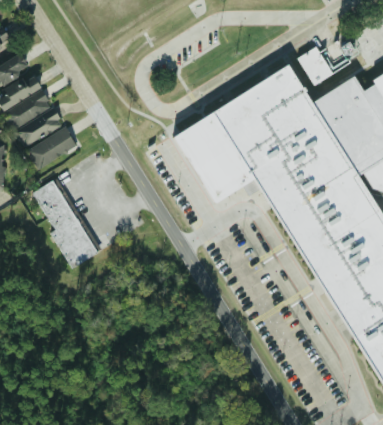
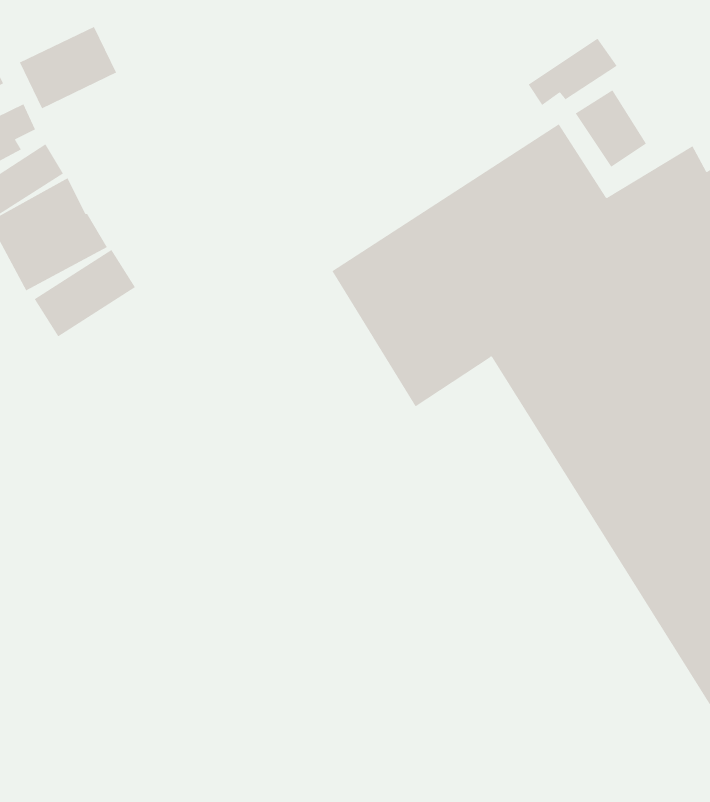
building: none -> [19,26,117,109]
building: none -> [528,38,617,106]
building: [33,179,97,269] -> none

